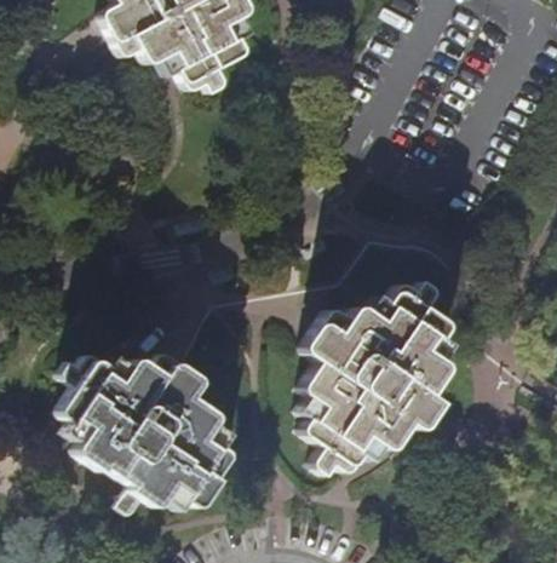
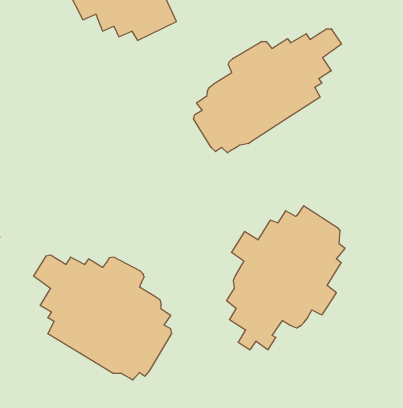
building: none -> [193,29,341,153]

